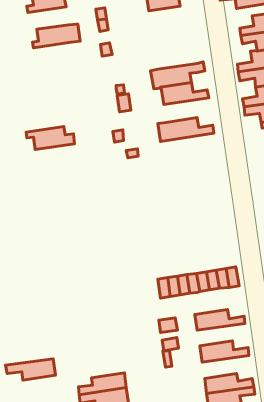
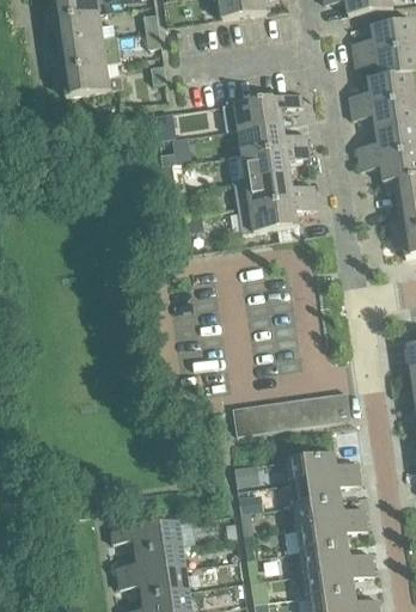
building: none -> [42,12,114,44]
building: none -> [228,145,308,182]
building: [26,126,74,149] -> [50,63,121,97]
building: none -> [235,196,316,234]
building: none -> [289,473,360,506]
building: none -> [296,520,366,553]
building: [6,359,56,380] -> [110,521,183,552]

